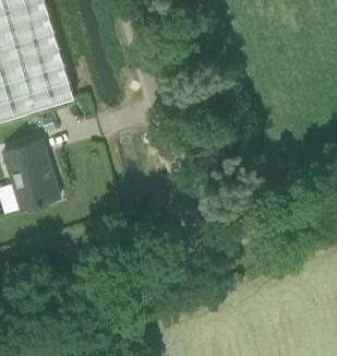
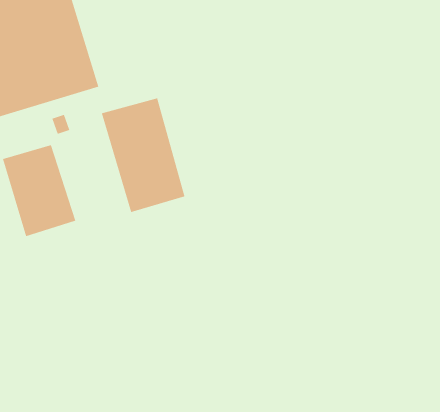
building: none -> [101,97,185,213]

